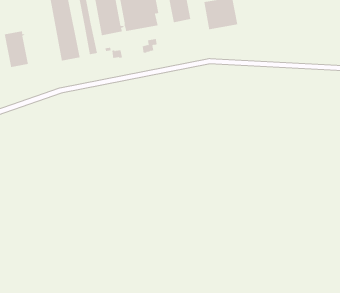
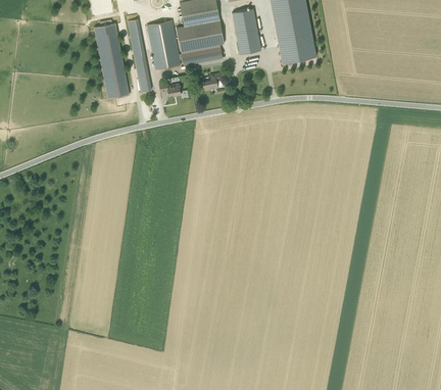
building: [4,30,28,68] -> none

